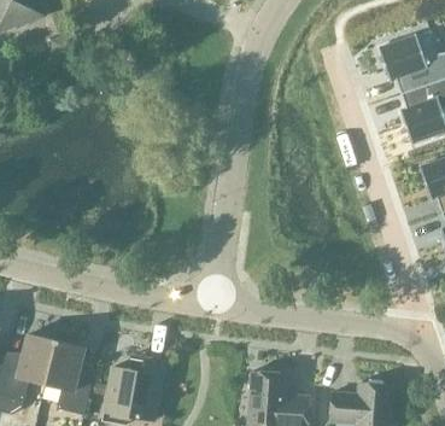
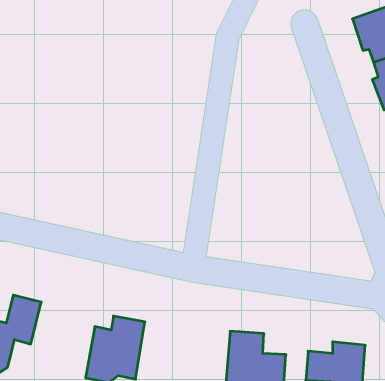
building: [46,340,92,414] -> none

